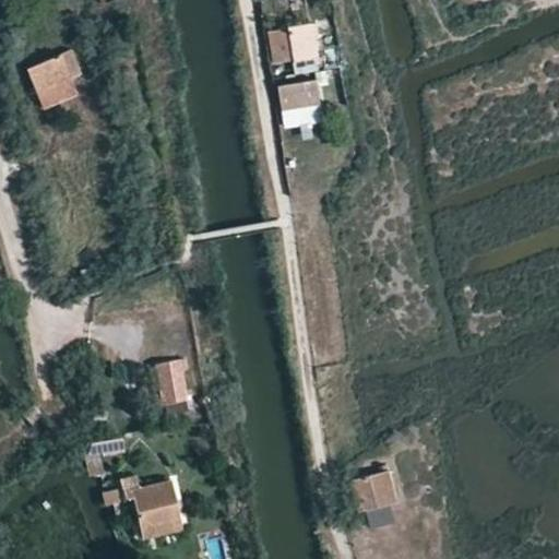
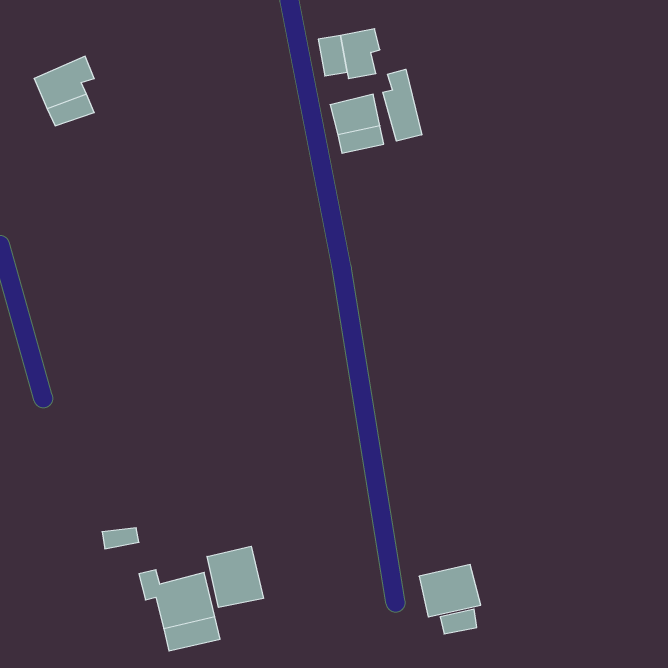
building: none -> [383,69,422,141]
building: [157,362,189,405] -> none
building: none -> [207,546,263,607]

